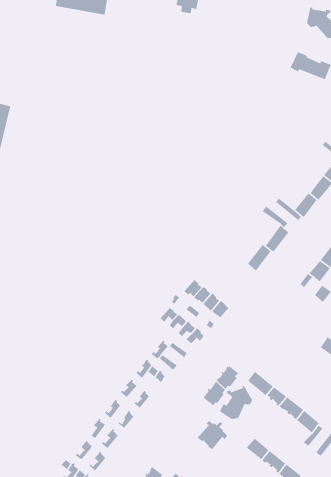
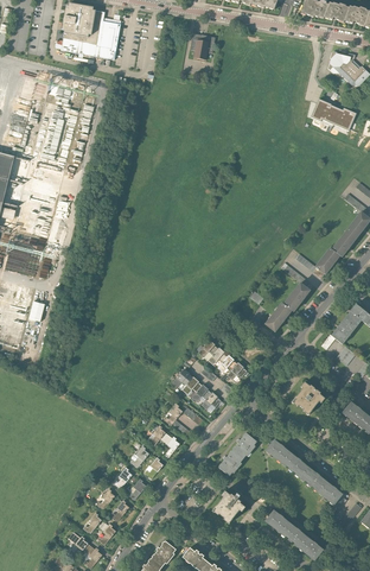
building: none -> [291,381,324,414]
building: [219,385,253,420] -> none

